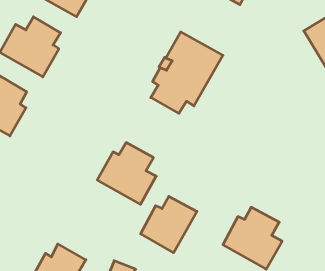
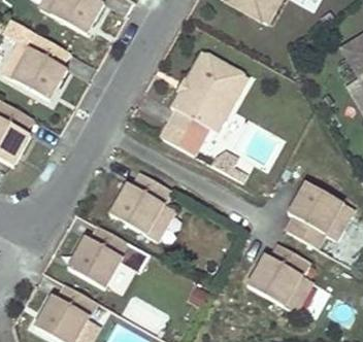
building: none -> [287,182,354,247]
building: [141,196,197,253] -> [69,227,131,288]

